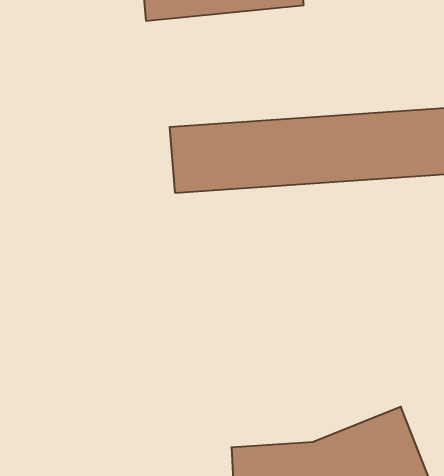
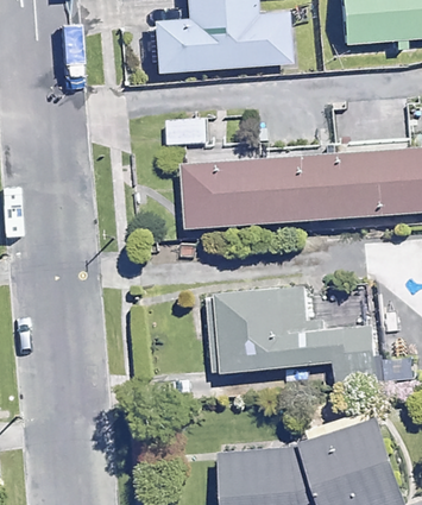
building: none -> [218,291,378,389]

